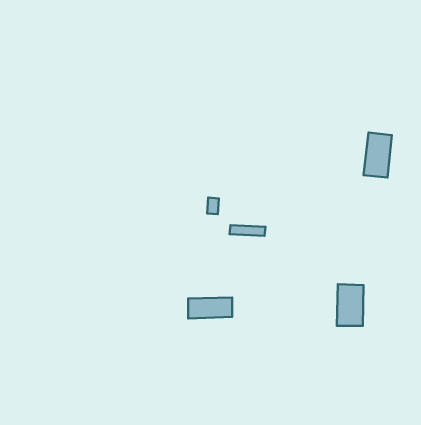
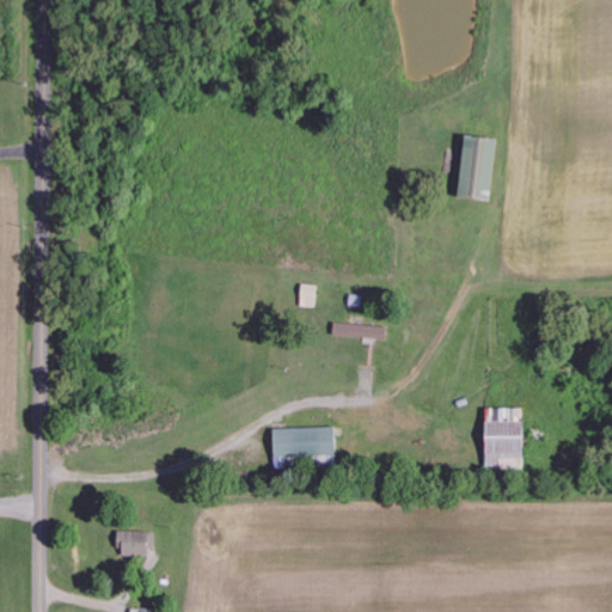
building: [363,133,392,178] -> [455,135,496,200]
building: none -> [116,531,146,555]

